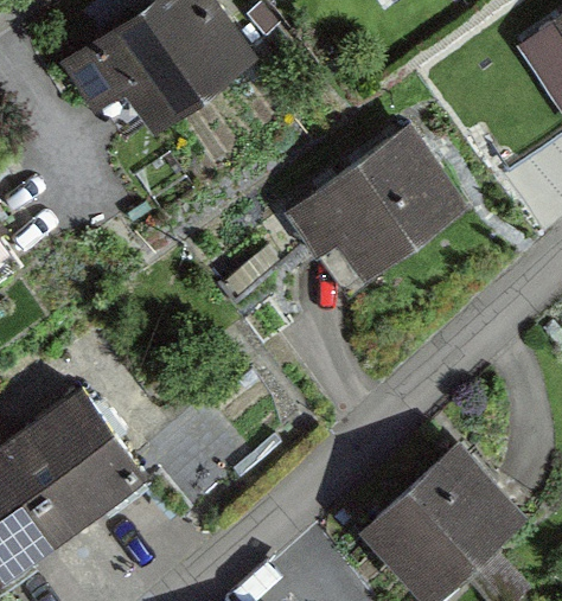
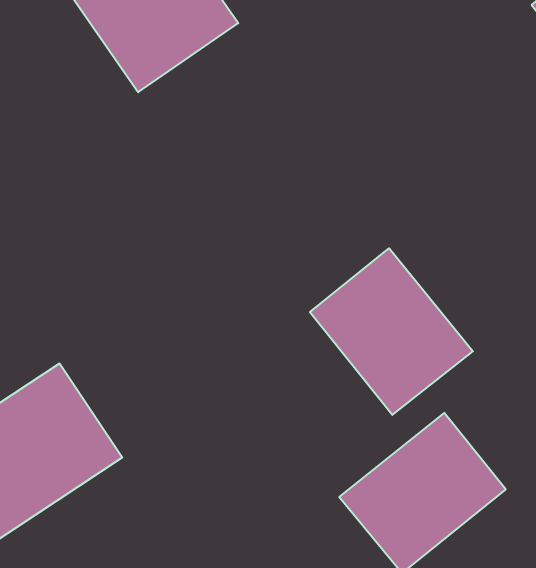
building: [289,135,470,290] -> none
building: none -> [310,248,473,415]

